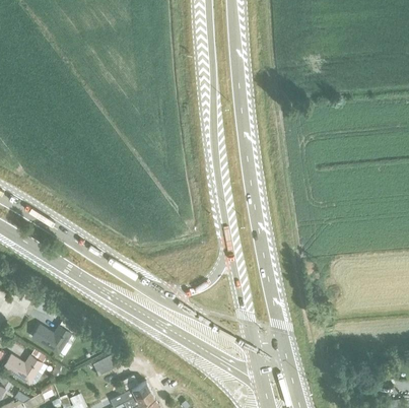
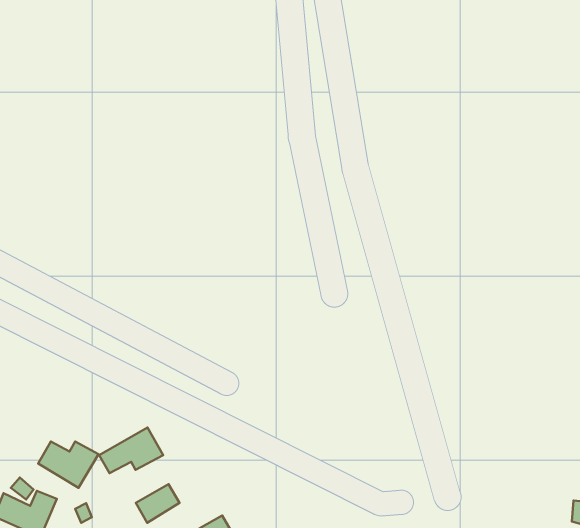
building: none -> [99,428,163,473]

